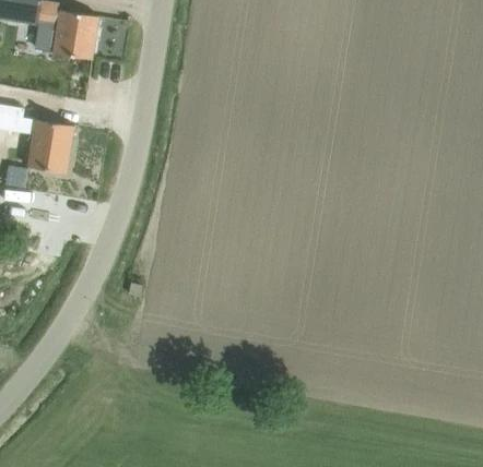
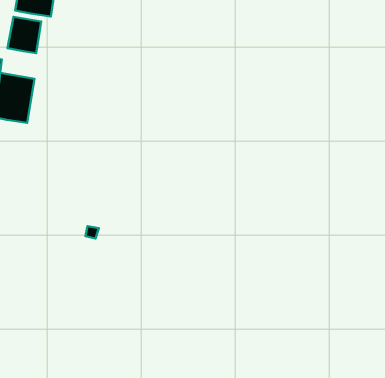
building: none -> [7,17,41,53]

